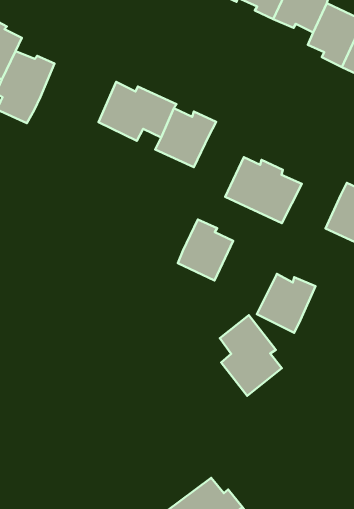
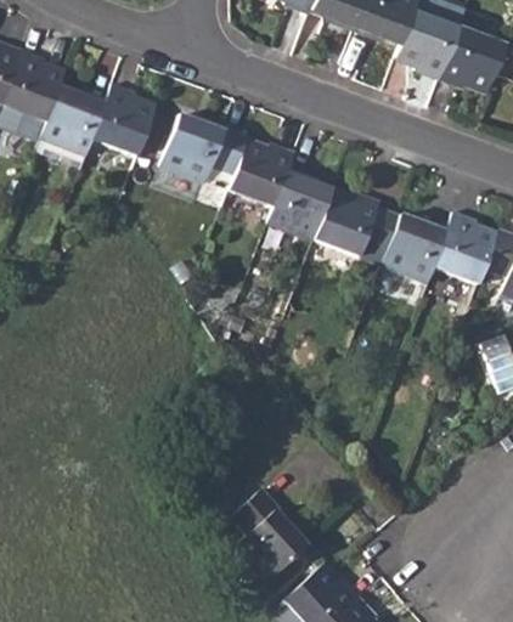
building: none -> [92,84,157,157]
building: [178,219,233,280] -> [271,170,333,239]
building: [257,274,316,333] -> [383,216,449,283]
building: [220,315,282,396] -> [232,490,306,583]

